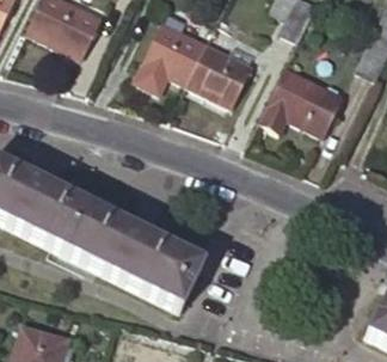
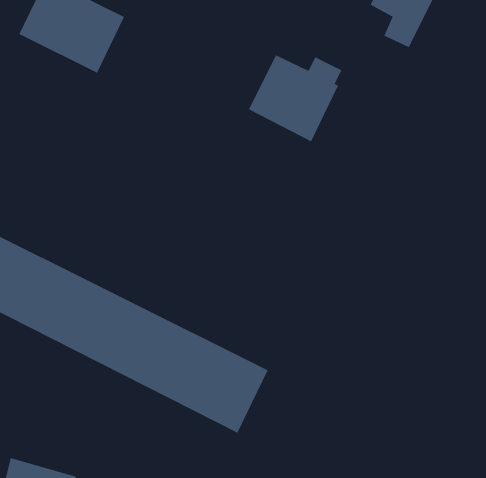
building: [135,13,205,92] -> none
building: [258,69,342,135] -> none

